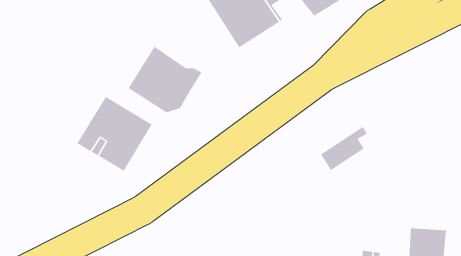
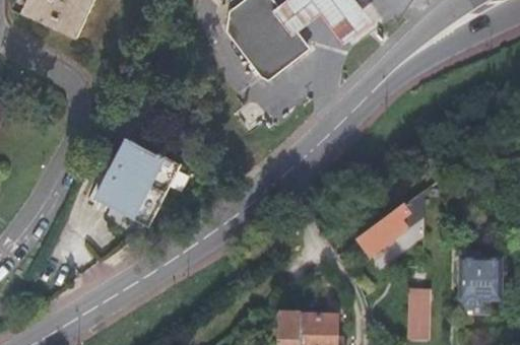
building: [128,46,202,113] -> none
building: [320,126,367,171] -> [358,206,407,257]

